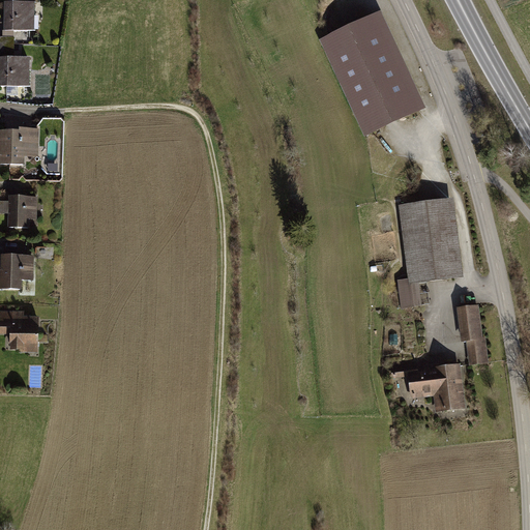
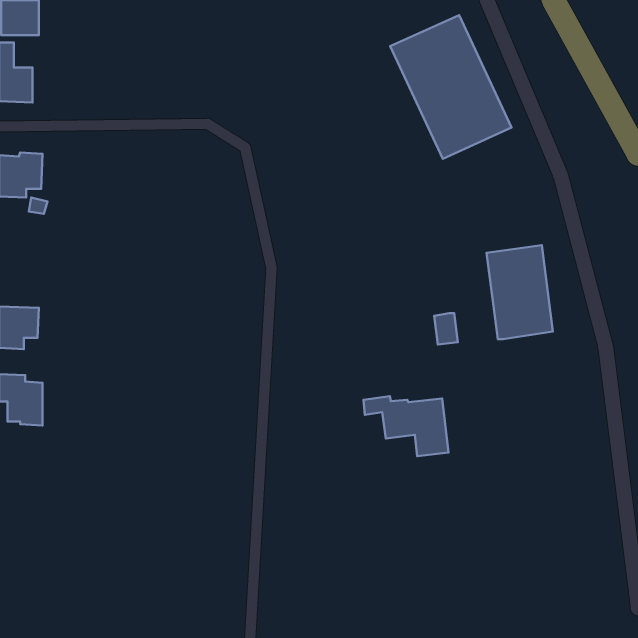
building: [5,195,34,227] -> none
building: [400,281,419,306] -> [434,313,458,345]
building: [458,305,487,363] -> none
building: [392,361,463,411] -> [363,396,449,456]

